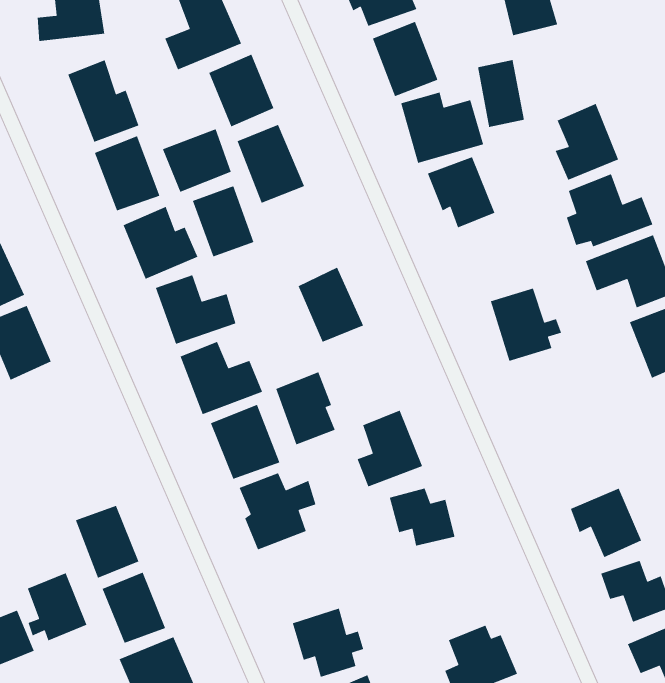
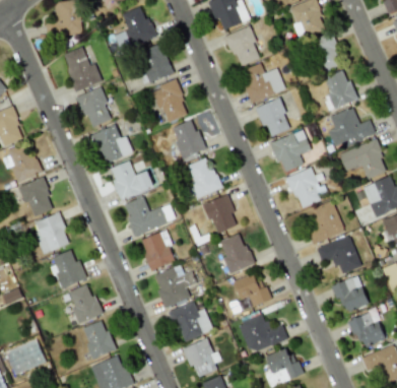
building: [477,59,525,128] -> [315,34,340,70]
building: [162,128,232,193] -> none
building: [192,185,255,258] -> [172,119,205,157]
building: none -> [271,130,311,172]
building: none -> [308,200,344,244]
building: [275,371,336,445] -> [204,194,237,234]
building: none -> [35,212,70,253]
building: none -> [316,235,361,274]
building: none -> [51,249,83,287]
building: none -> [170,301,213,342]
building: none -> [239,315,287,351]
building: [27,572,88,641] -> none

